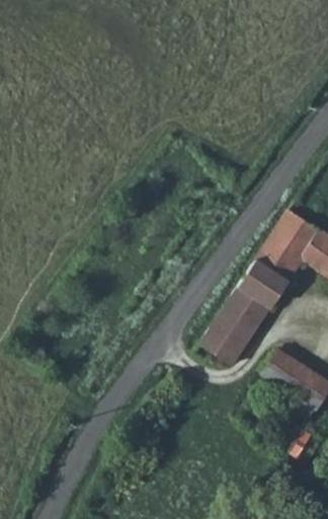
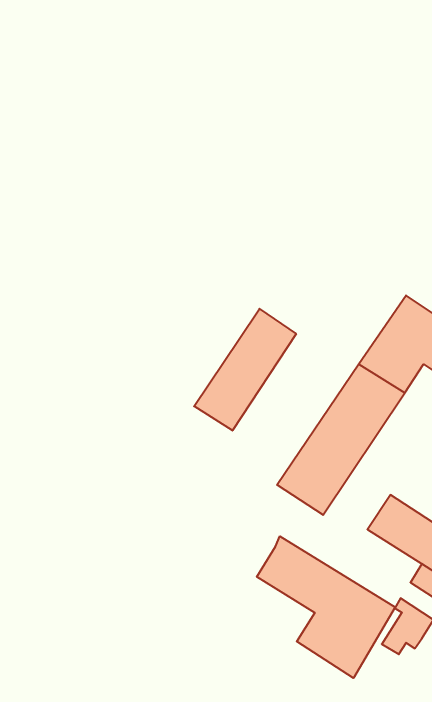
building: none -> [194,309,296,431]
building: none -> [257,536,395,678]

